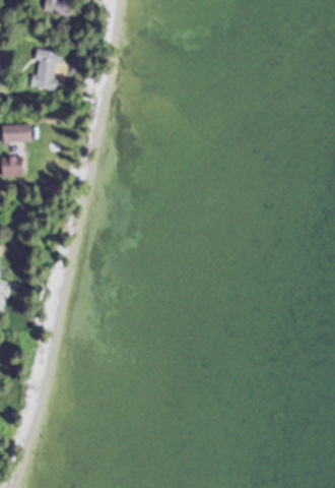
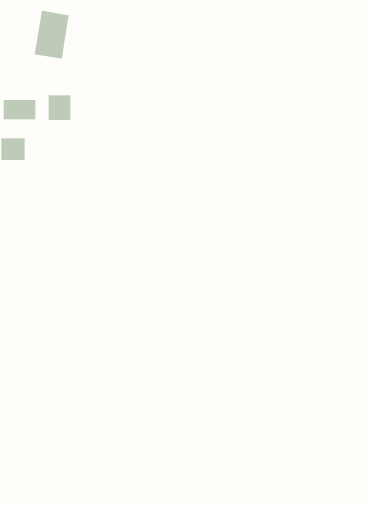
building: none -> [48,95,71,121]

